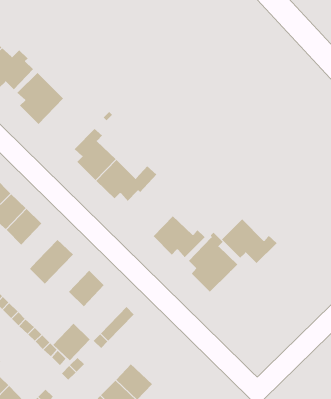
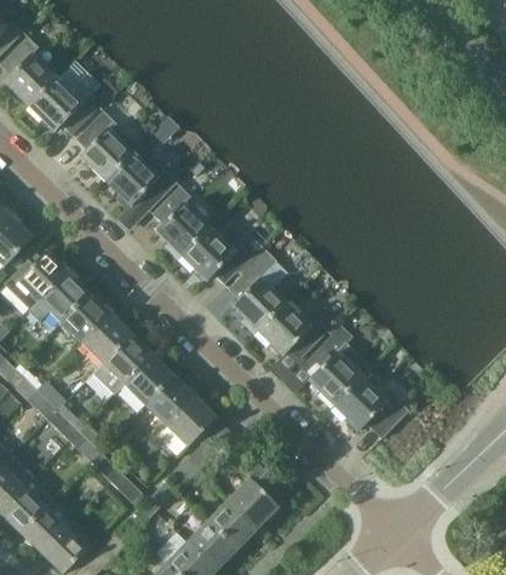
building: none -> [104,145,174,208]
building: none -> [228,247,283,329]
building: [221,219,278,264] -> [333,376,408,437]
building: none -> [81,312,130,362]
building: none -> [123,353,172,403]
building: [52,323,91,361] -> [165,395,215,445]
building: none -> [228,456,281,527]

